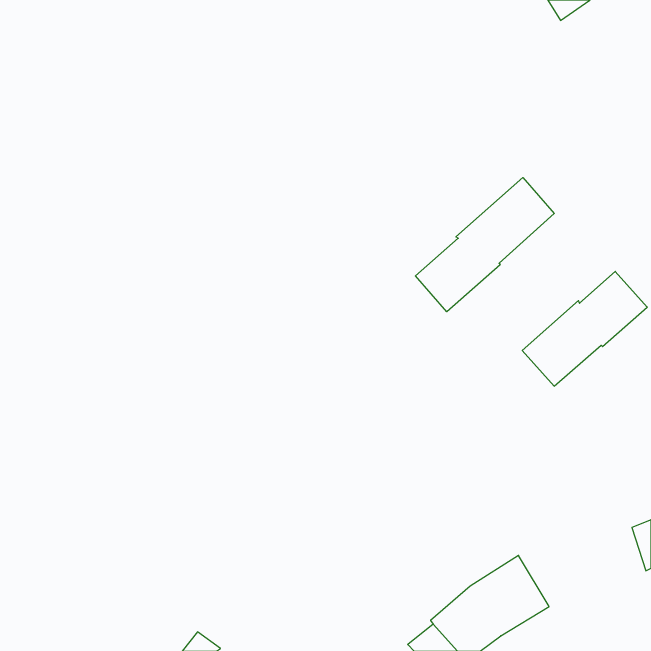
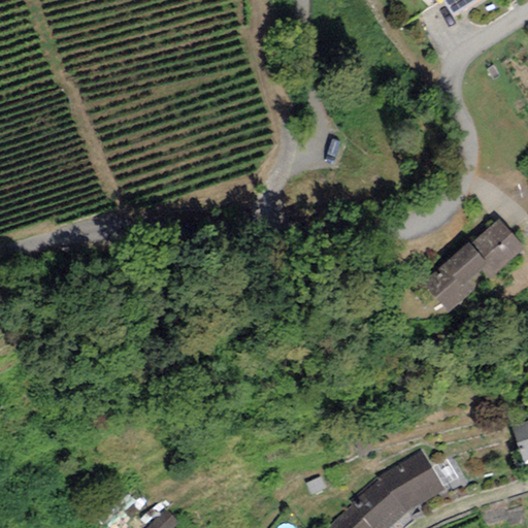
building: [415,178,554,312] -> none

